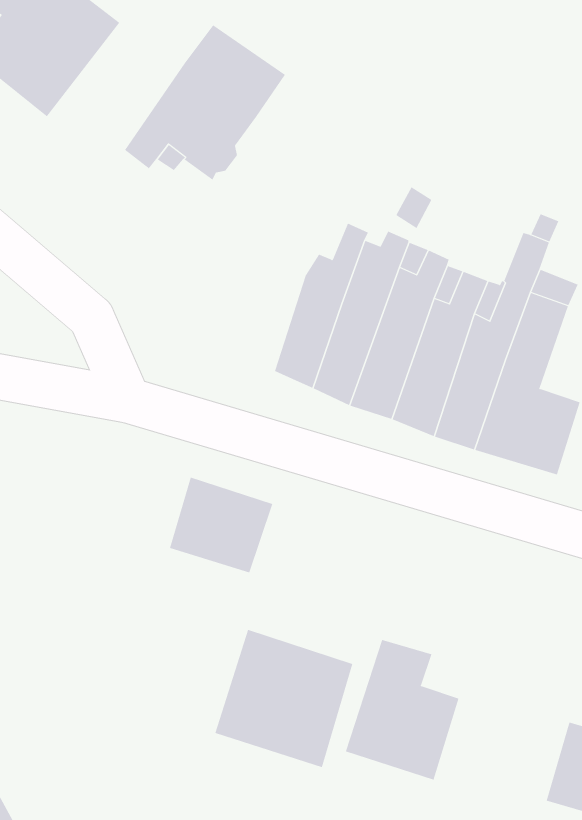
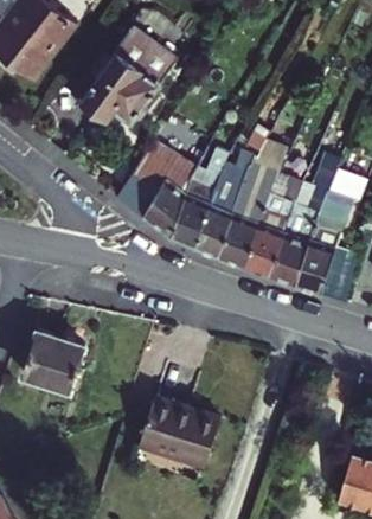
building: none -> [116,137,198,238]
building: [169,477,273,573] -> [23,331,86,390]
building: [345,639,459,780] -> none

